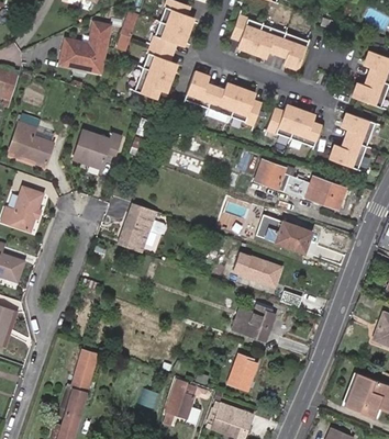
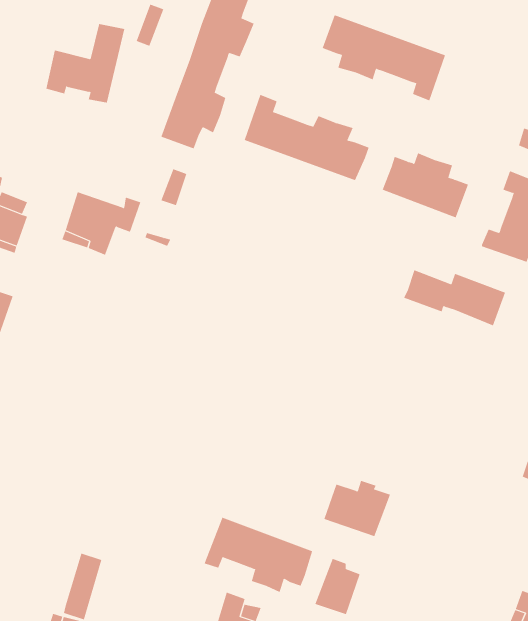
building: [257,160,290,189] -> none
building: [116,201,156,251] -> none
building: [262,214,316,252] -> none
building: [233,251,282,286] -> none
building: none -> [204,517,313,593]

